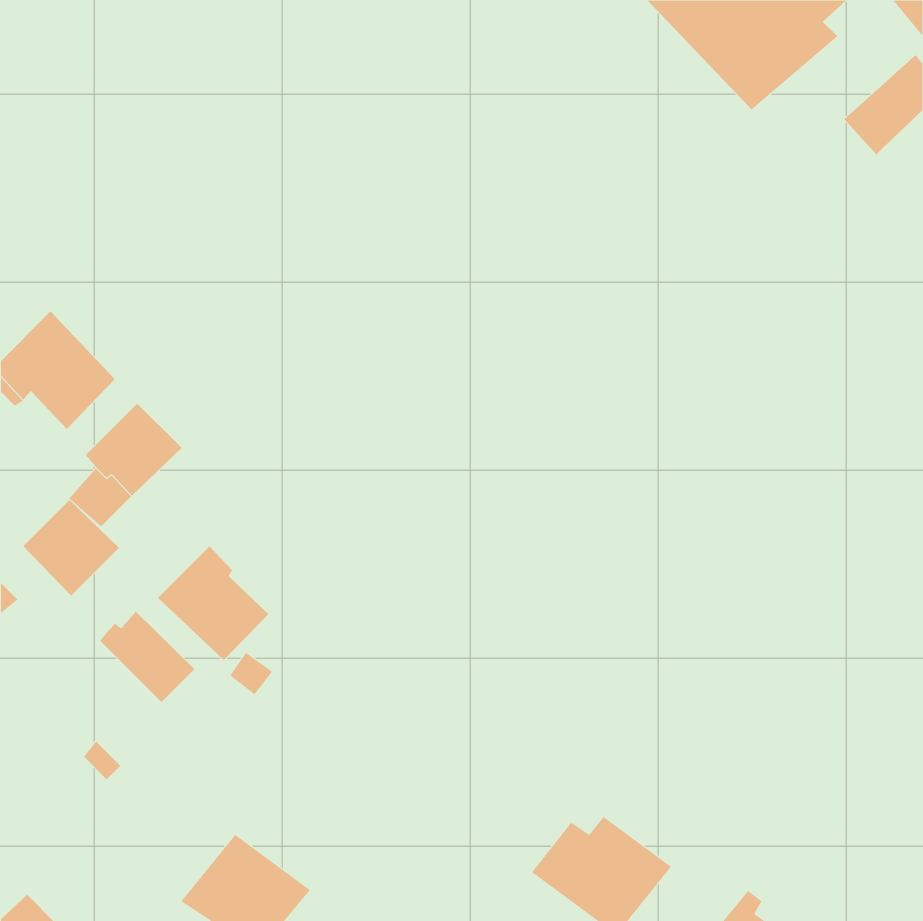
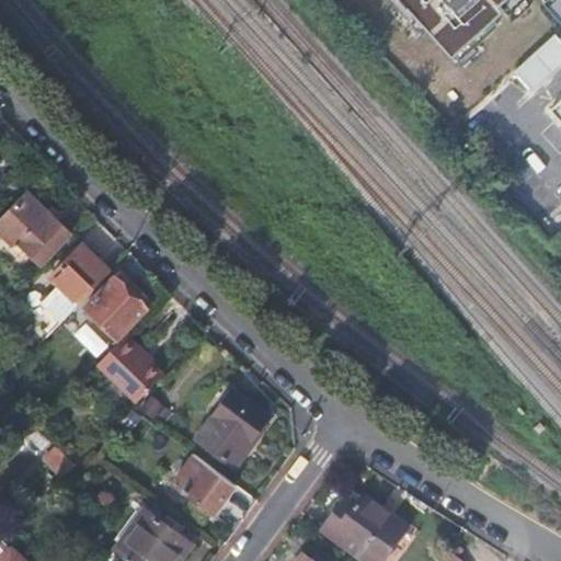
building: [22,499,120,597] -> [85,277,145,336]
building: [99,611,195,703] -> none
building: none -> [192,390,268,470]
building: none -> [173,453,234,513]

